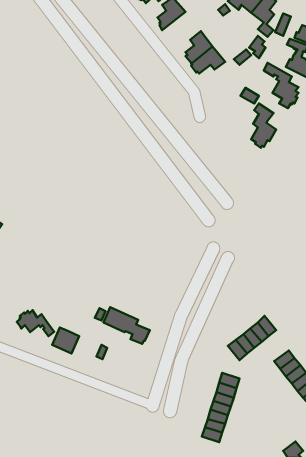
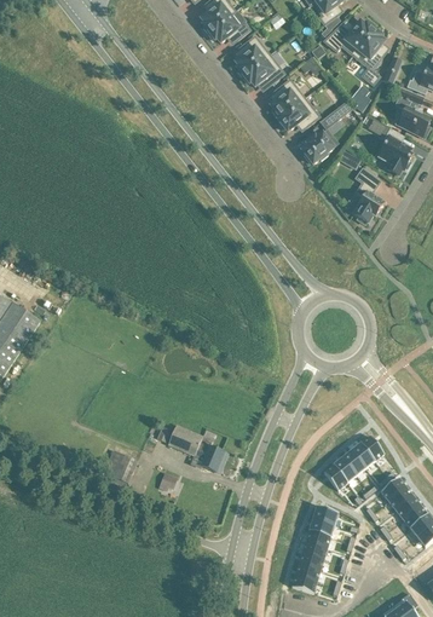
building: none -> [241,53,284,86]
building: none -> [301,132,333,163]
building: [17,310,54,336] -> none

